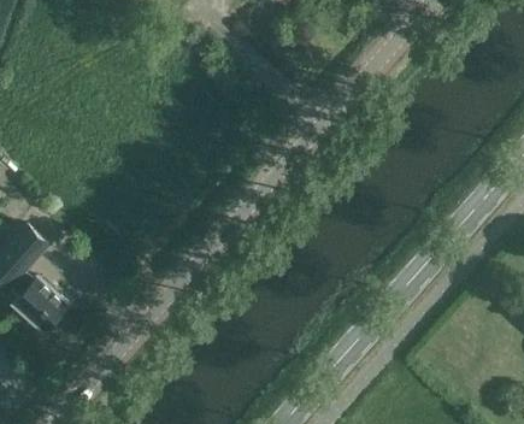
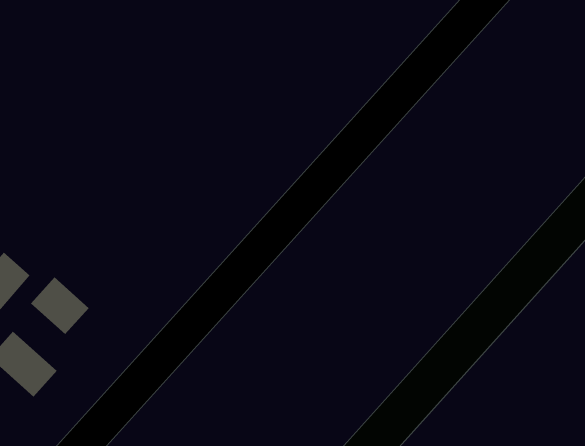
building: none -> [30,277,89,335]

